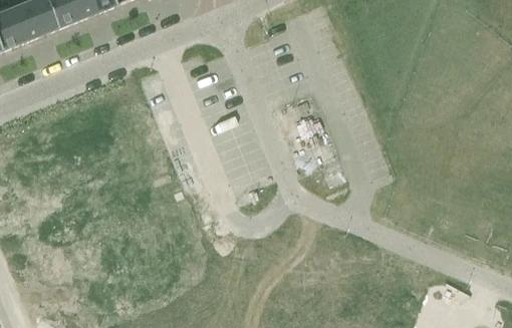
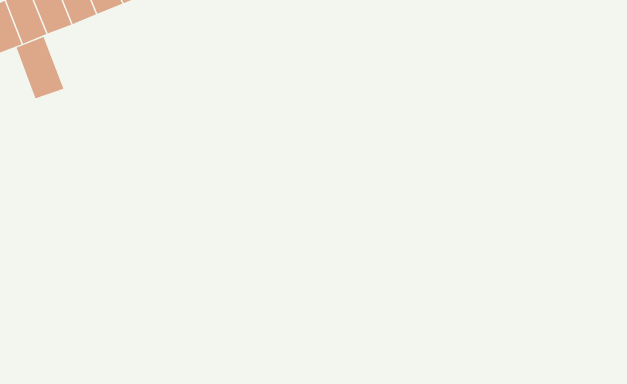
building: none -> [16,36,64,99]

